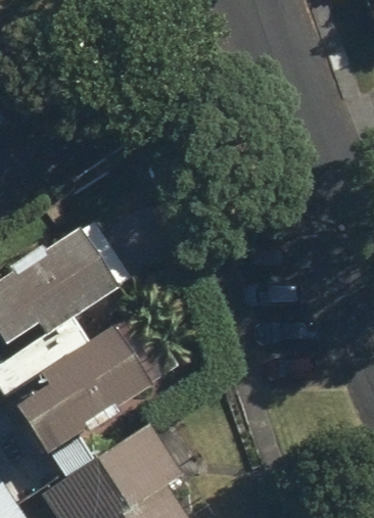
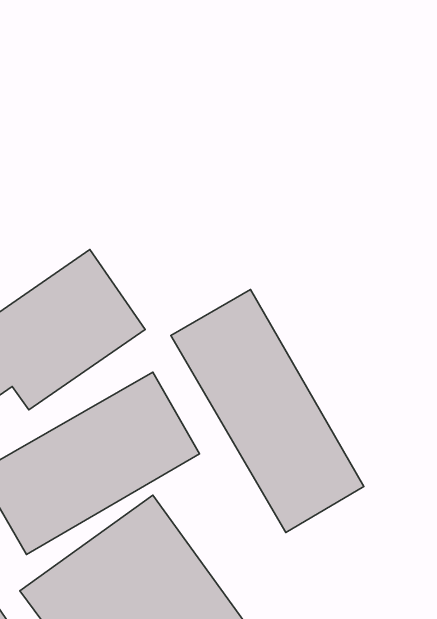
building: none -> [171,289,364,532]

